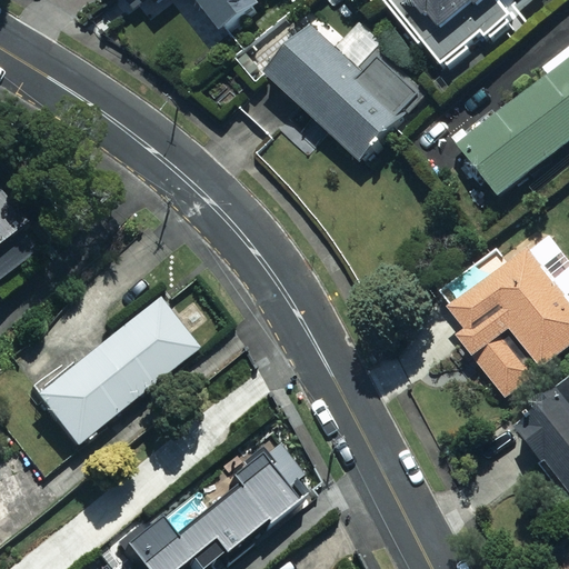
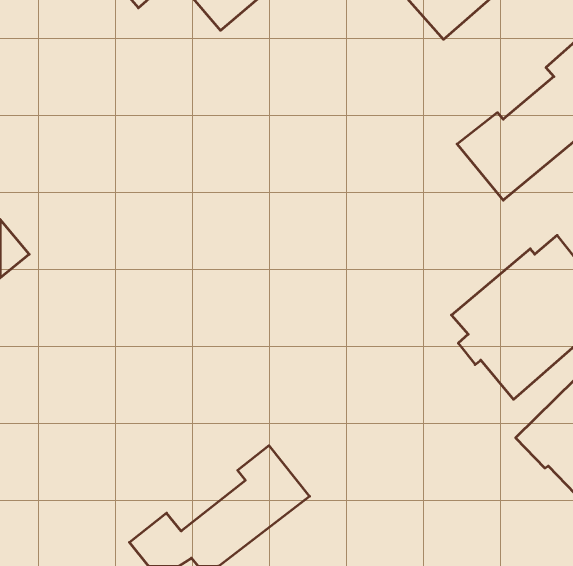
building: [267,27,425,162] -> none
building: [31,296,196,449] -> none

